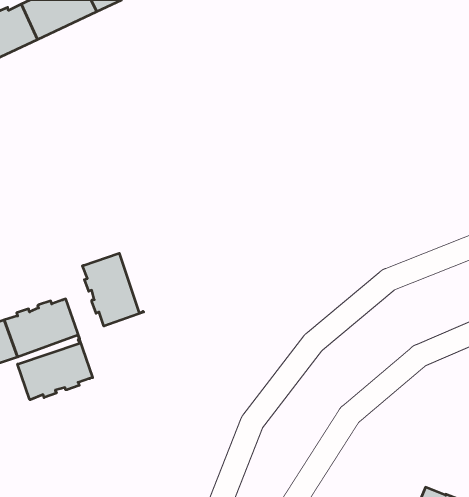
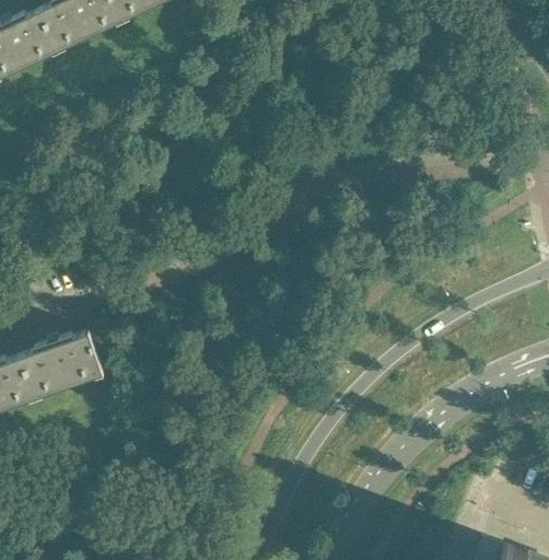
building: [82,253,144,326] -> none
building: [18,339,93,400] -> none

